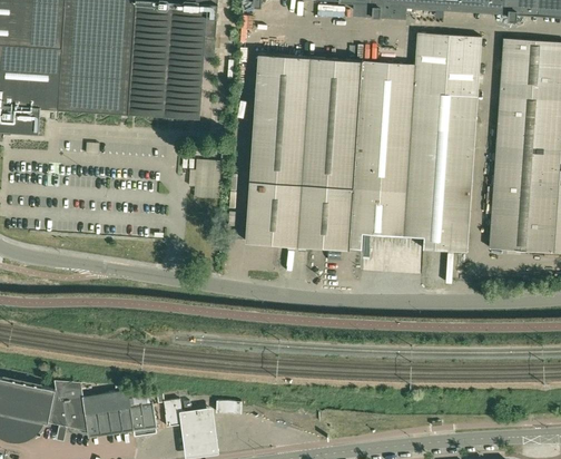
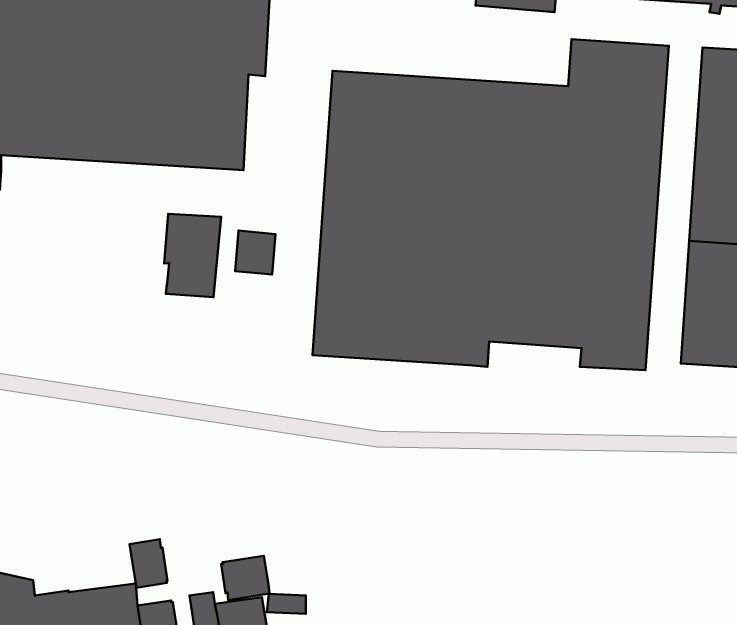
building: none -> [164,214,221,297]
building: none -> [130,539,168,588]
building: none -> [221,556,270,600]

